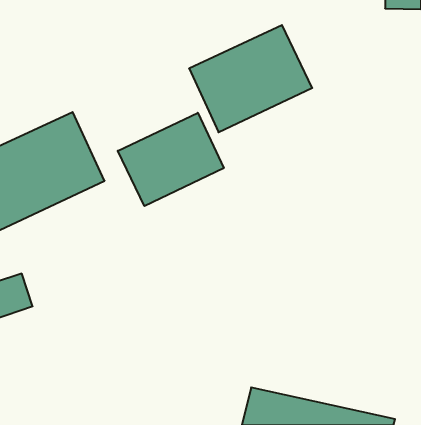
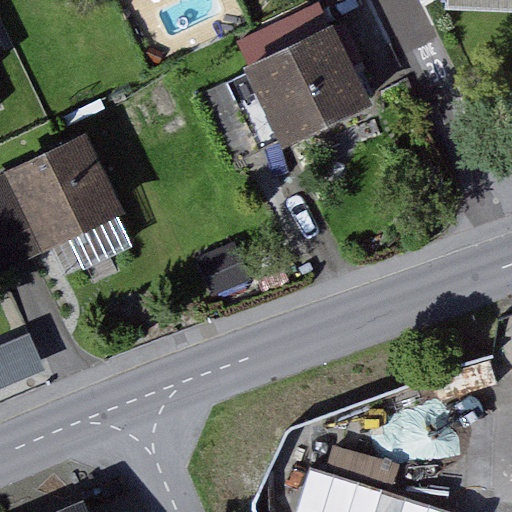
building: [118,113,224,206] -> none

